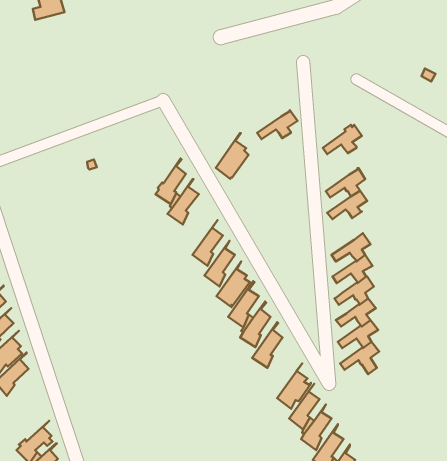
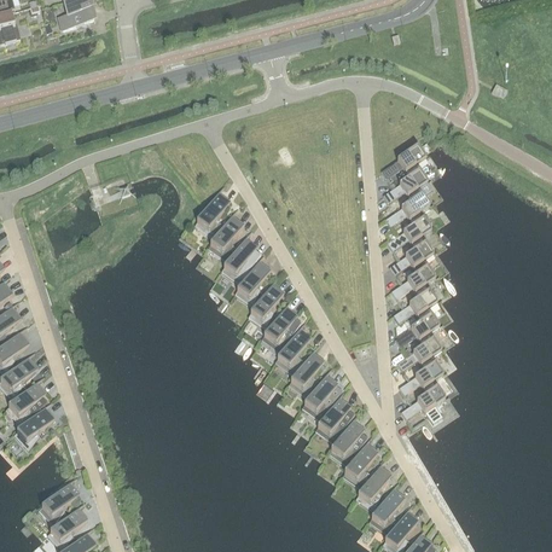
building: [257,110,297,139] -> [383,169,428,202]
building: [216,133,248,179] -> [223,228,260,279]
building: none -> [389,242,432,274]
building: none -> [316,388,355,438]

